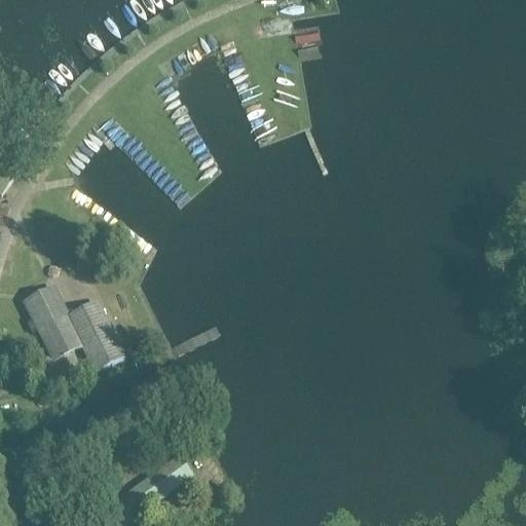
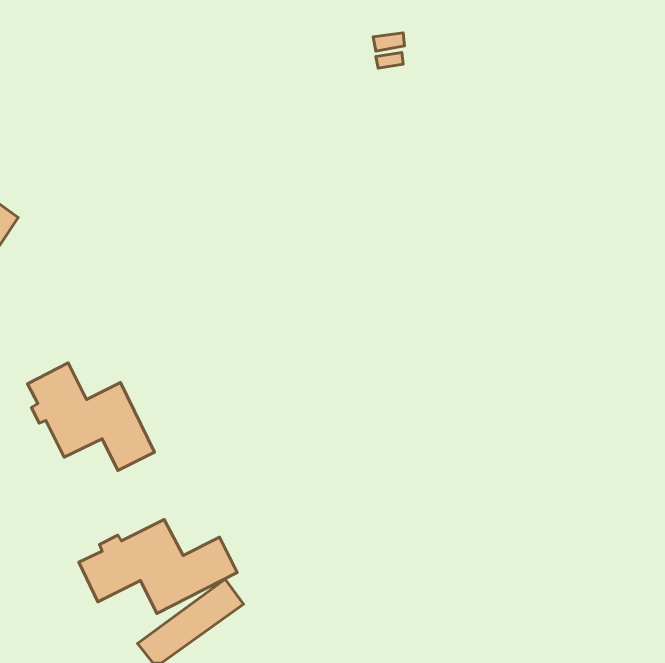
building: none -> [79,520,237,613]

